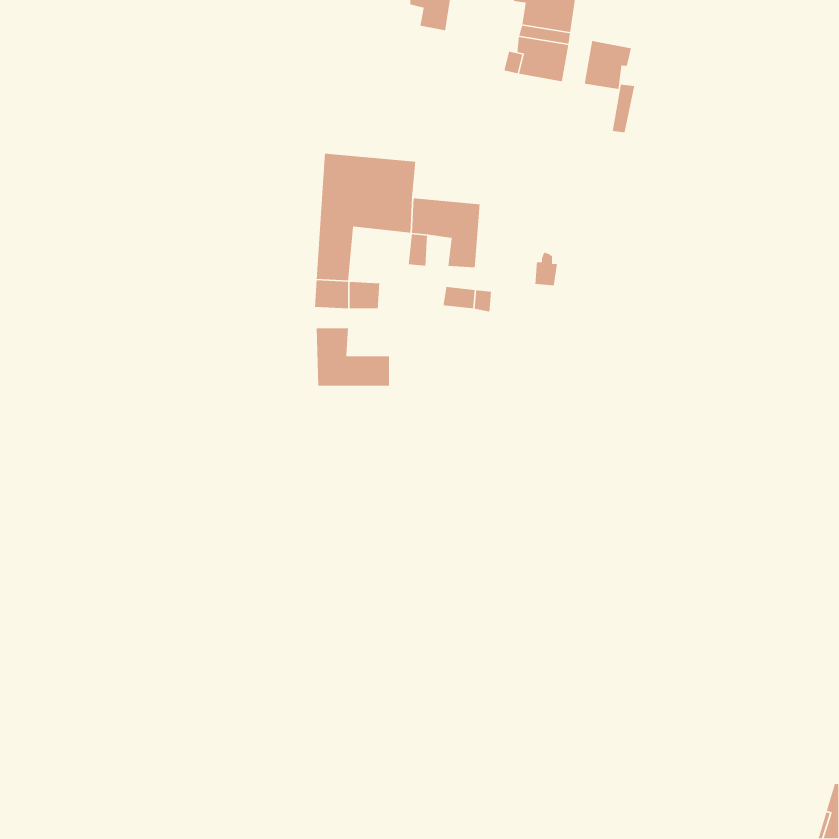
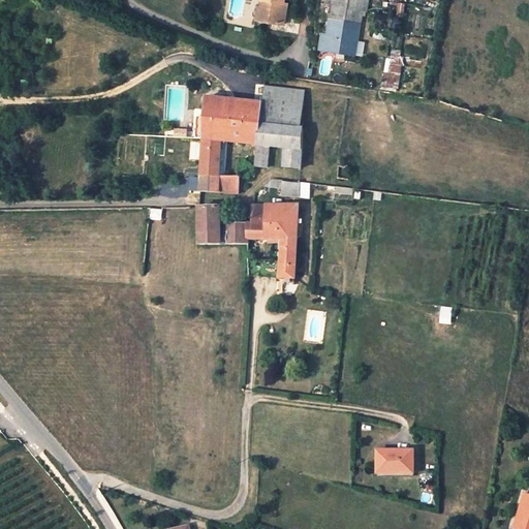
building: [584,40,632,90] -> none
building: none -> [259,87,304,128]
building: none -> [245,203,297,276]
building: none -> [379,448,416,474]

